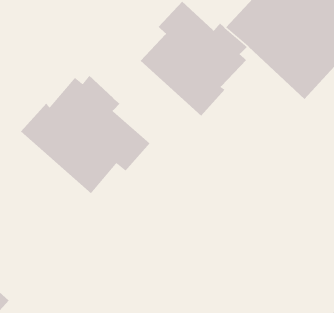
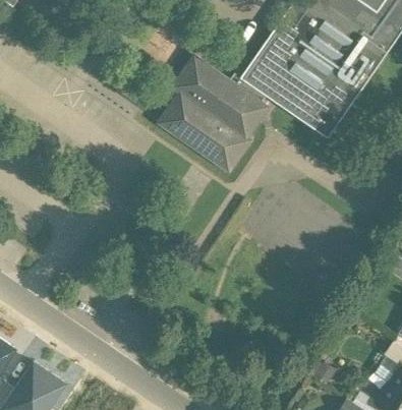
building: [20,75,150,194] -> none

